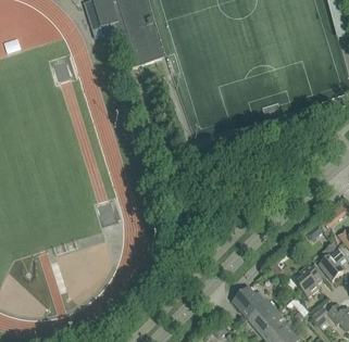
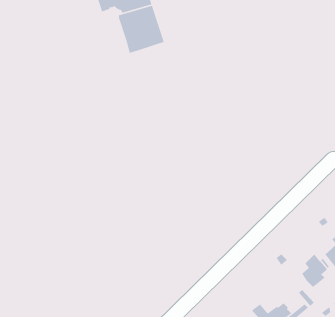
building: [232,287,278,320] -> none

